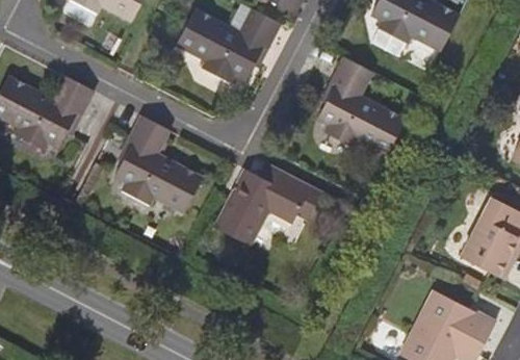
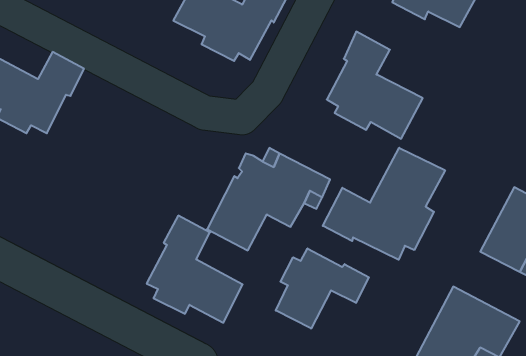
building: [111,114,200,213] -> [147,216,243,323]
building: none -> [323,148,445,260]
building: none -> [276,248,369,329]

